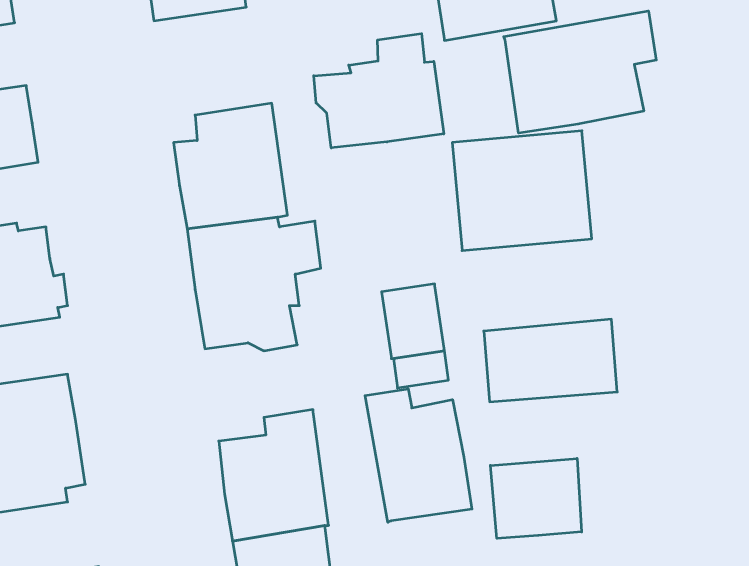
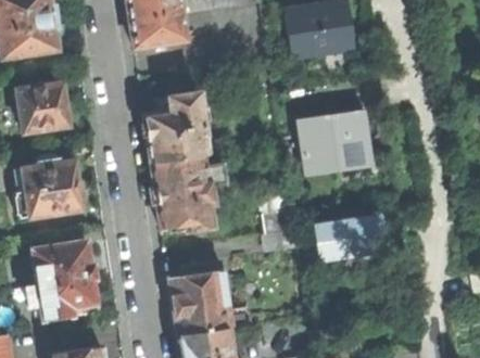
building: [504,11,656,133] -> none
building: [314,34,444,148] -> none
building: [365,389,472,522] -> none
building: [490,458,582,538] -> none

